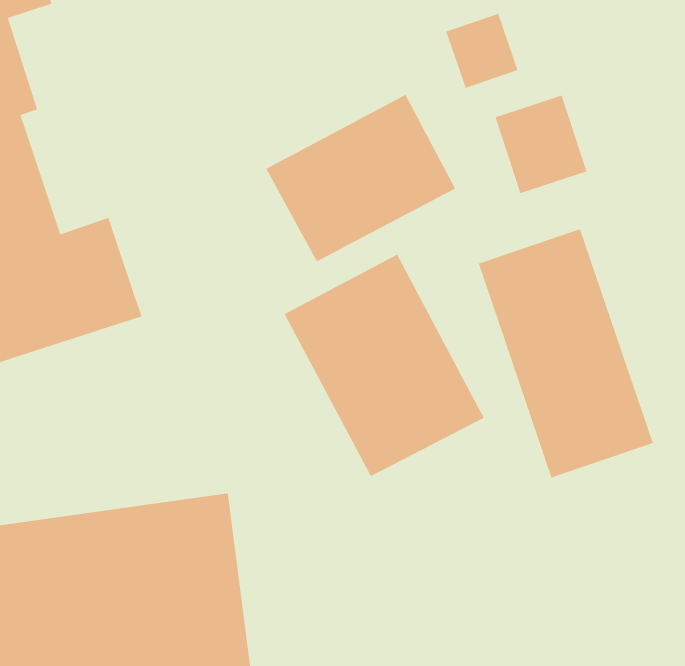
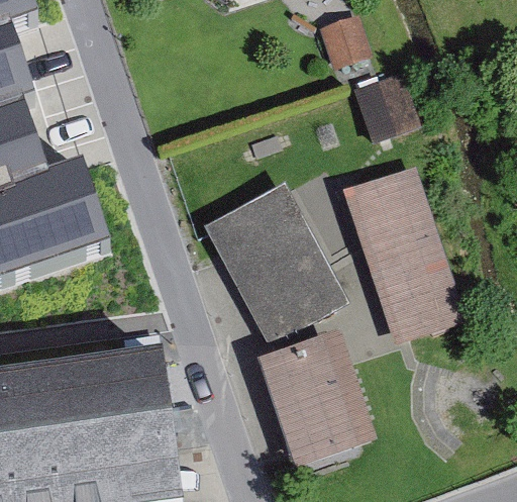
building: [265,94,456,263] -> none
building: none -> [258,337,379,475]

